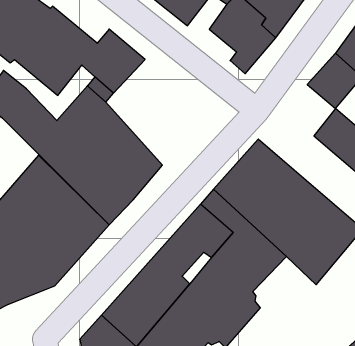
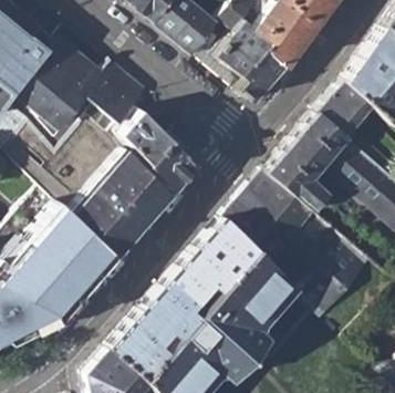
building: none -> [124,115,197,194]
building: none -> [268,116,346,214]

